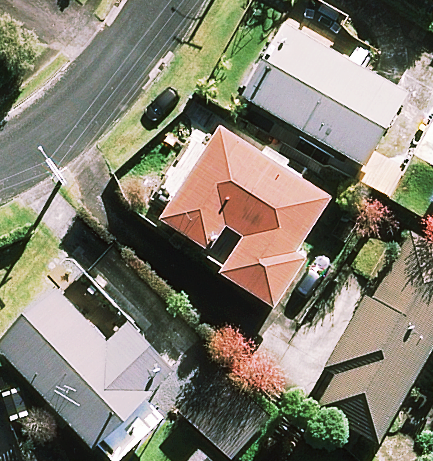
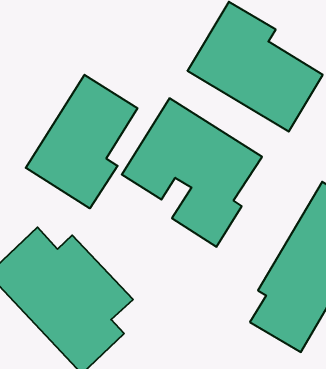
building: none -> [26,75,137,208]

